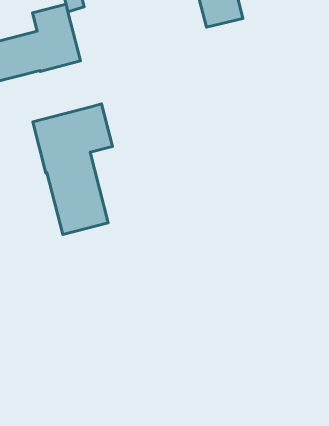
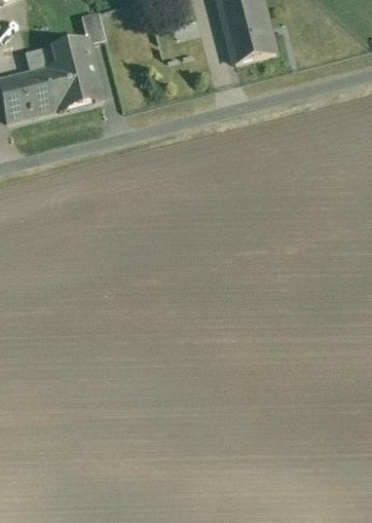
building: [33,104,112,234] -> none

